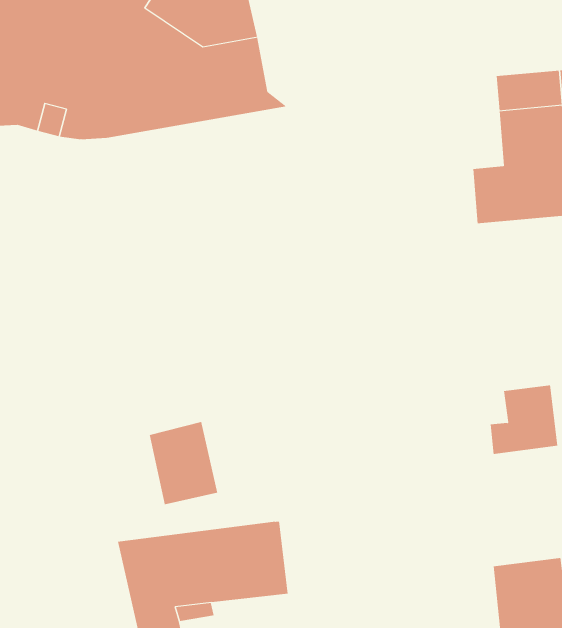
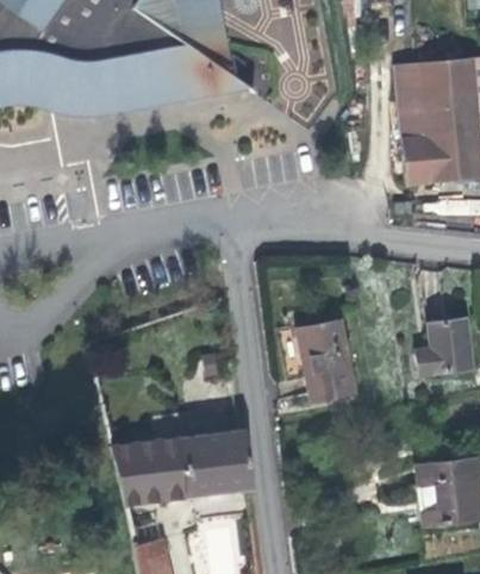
building: none -> [397,63,428,139]
building: none -> [298,319,356,399]
building: [149,421,218,505] -> none

